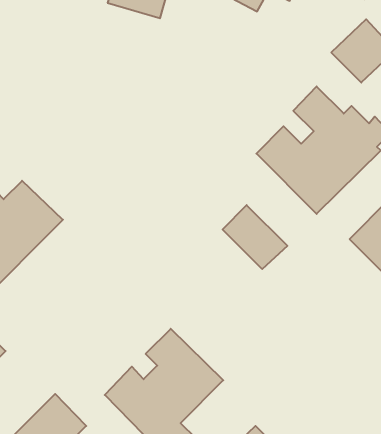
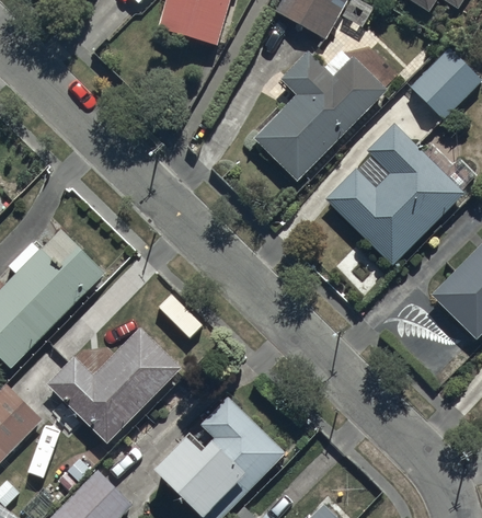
building: none -> [252,51,388,181]
building: [223,205,287,269] -> none
building: none -> [46,326,182,444]

